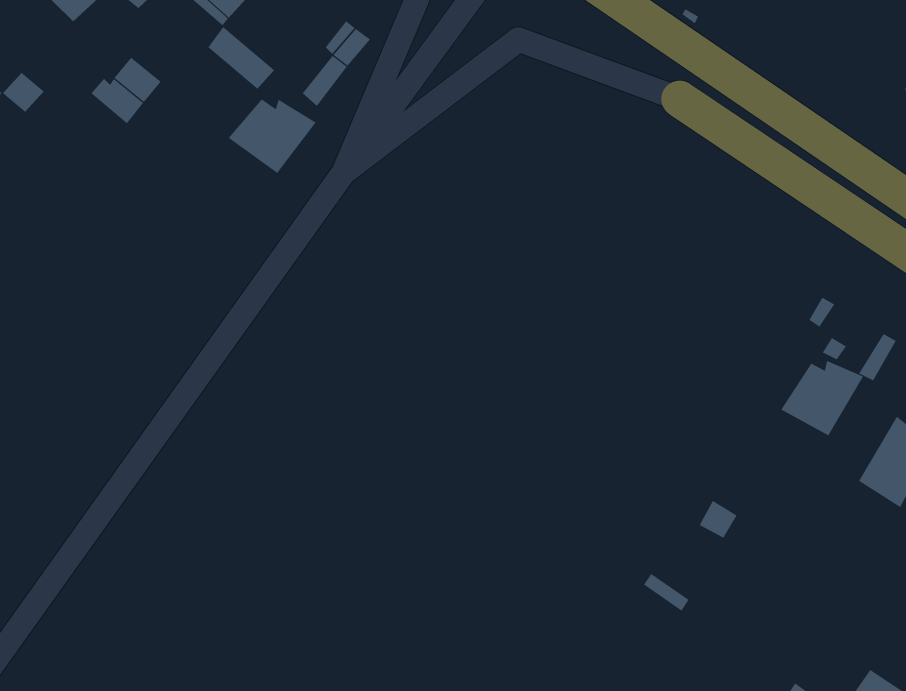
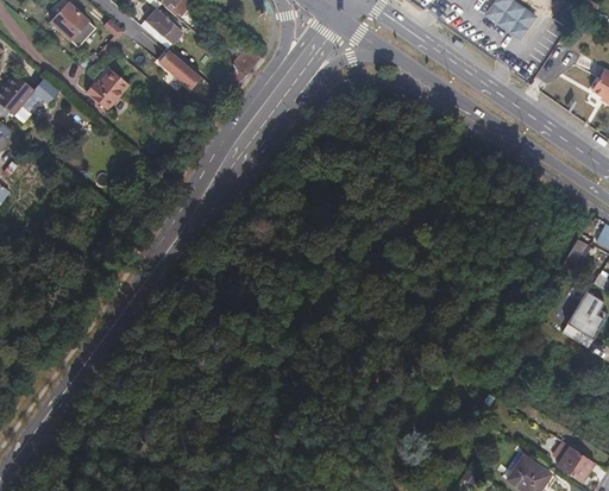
building: [228,98,316,174] -> none
building: [780,360,864,436] -> none

